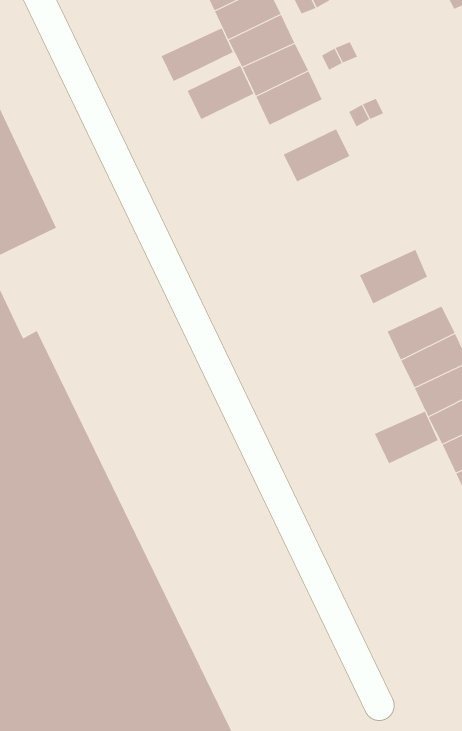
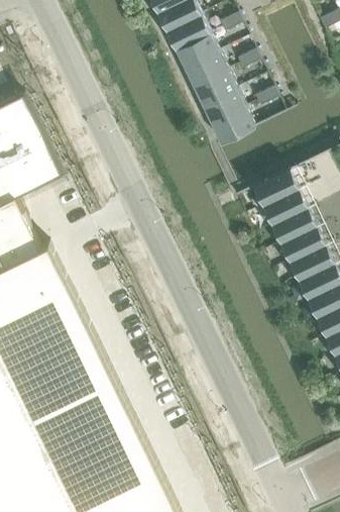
building: [161,27,233,82] -> none
building: [187,65,254,120] -> [203,92,247,128]
building: none -> [253,172,300,208]
building: none -> [271,209,317,245]
building: [374,411,438,464] -> none

